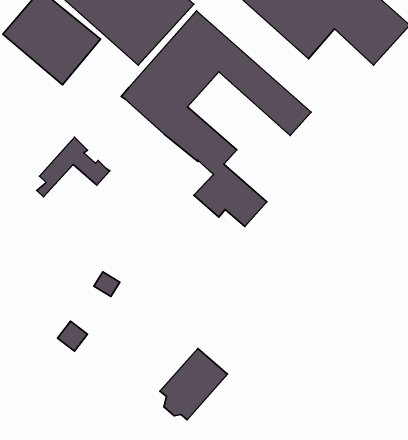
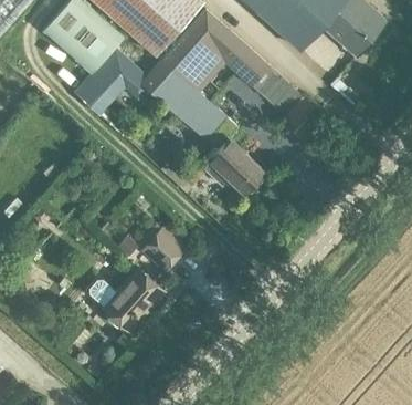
building: [37,137,110,197] -> [82,56,144,107]
building: none -> [145,230,184,270]
building: [160,348,228,420] -> [107,270,165,331]

